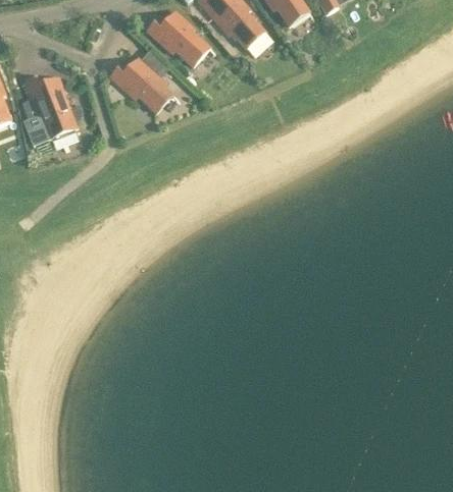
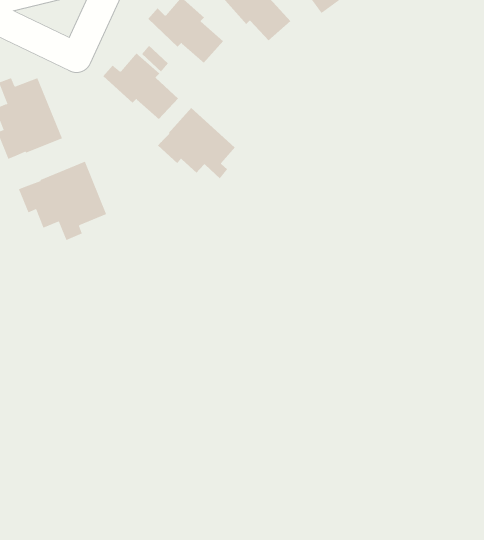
building: none -> [157,107,236,179]
building: none -> [18,161,107,241]

